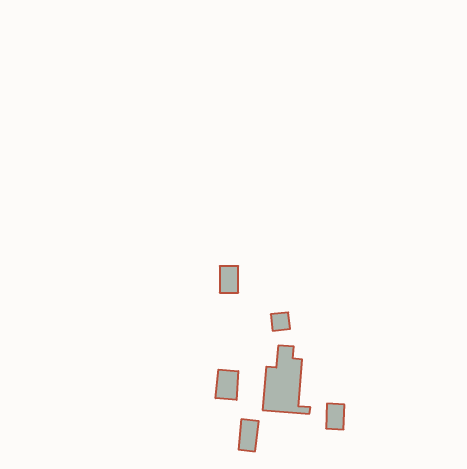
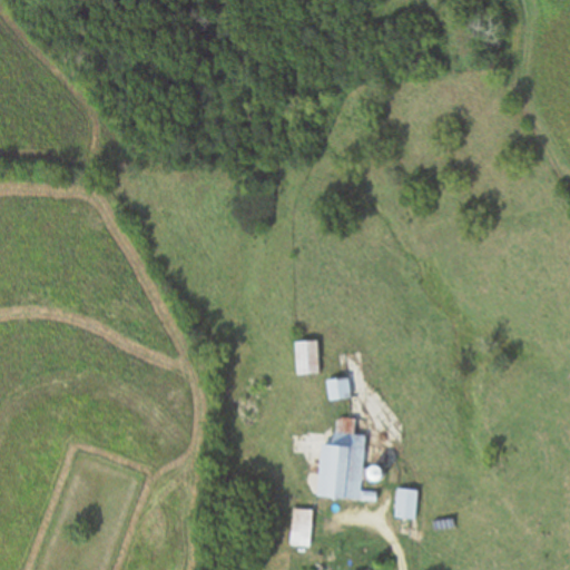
building: [220,266,238,293] -> [297,341,320,373]
building: [216,370,238,400] -> none

